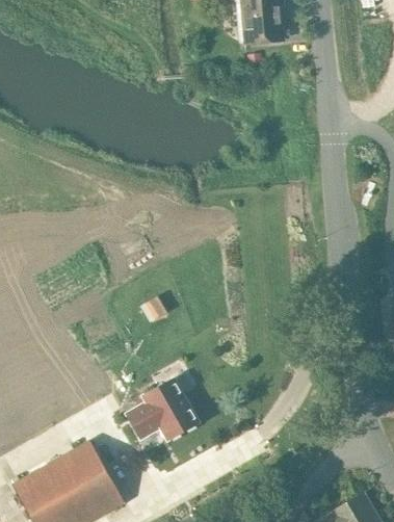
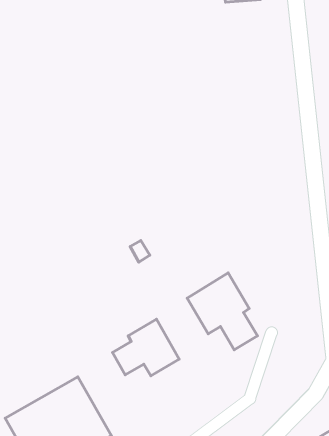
building: none -> [187,273,257,350]

